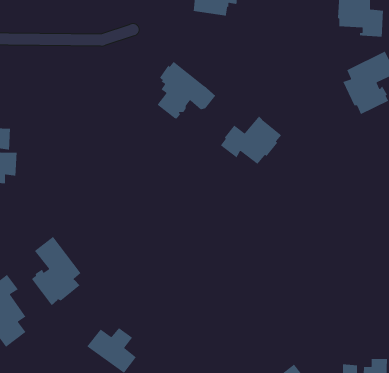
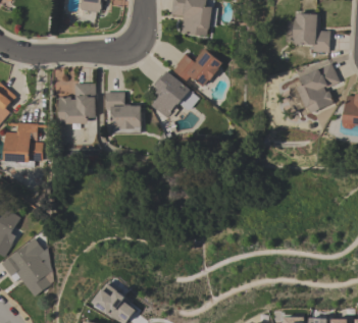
building: none -> [57,84,95,124]
building: none -> [104,93,140,134]
building: [220,116,282,165] -> [172,48,221,87]
building: [31,236,81,306] -> none

